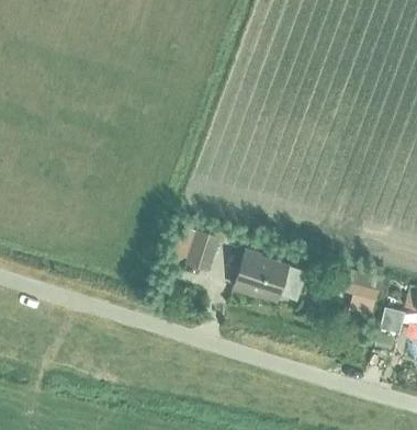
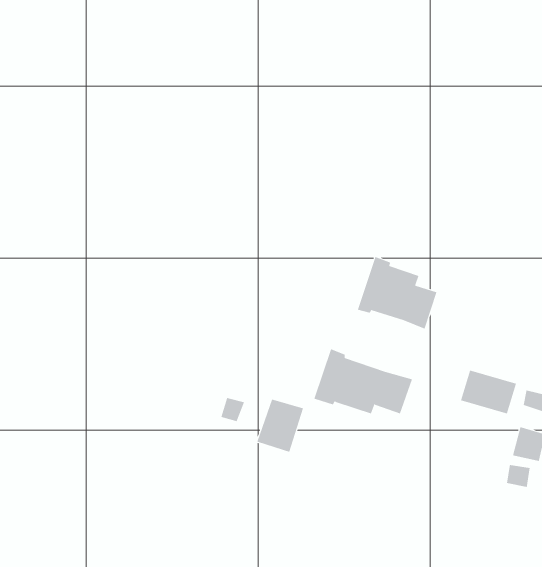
building: none -> [357,256,437,330]
building: [187,234,221,272] -> [256,399,304,452]

